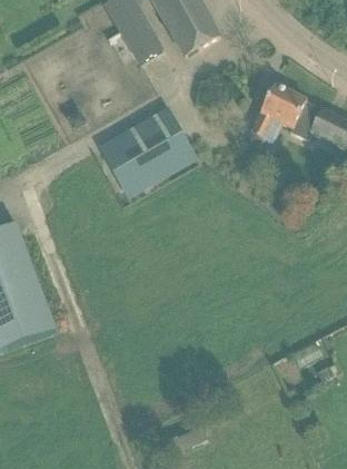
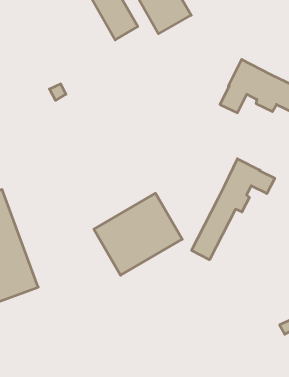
building: [99,107,195,196] -> [94,193,182,275]
building: none -> [192,159,275,260]

